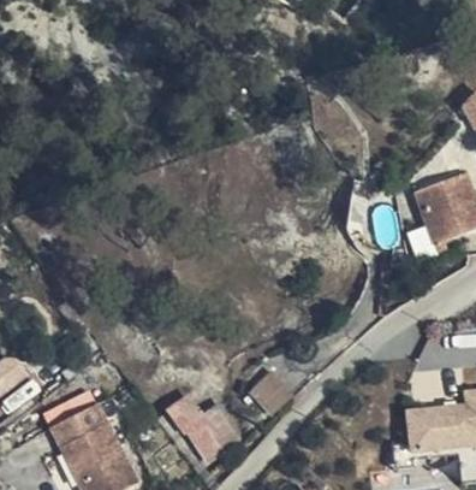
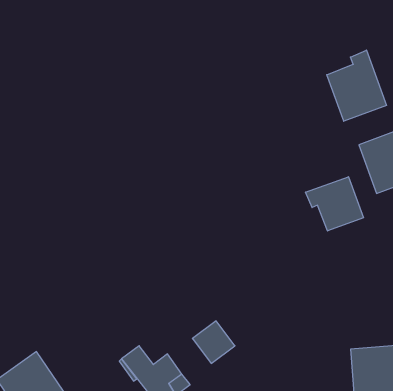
building: none -> [327,50,386,121]
building: none -> [306,177,364,231]

